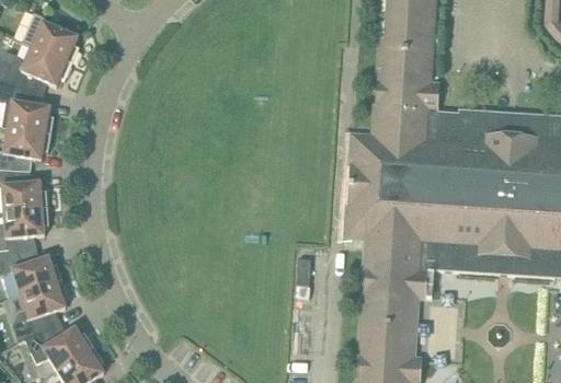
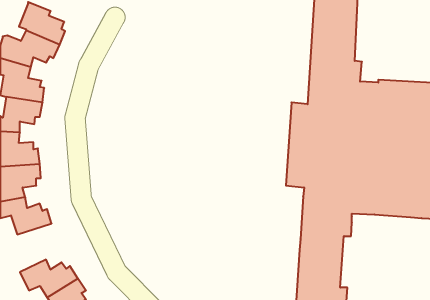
building: [11,280,68,341] -> none

